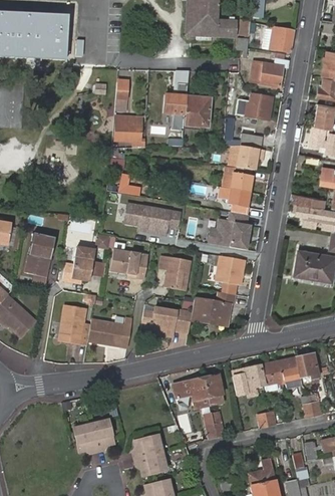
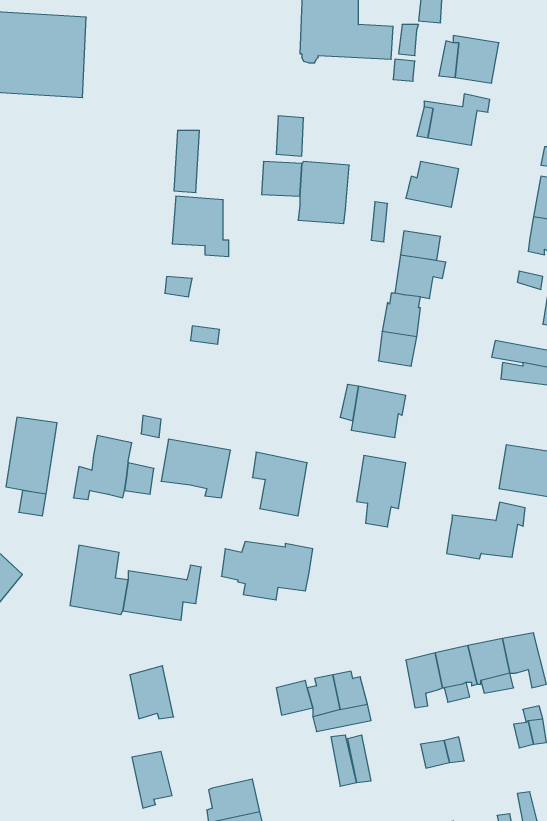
building: [123,204,183,237] -> none
building: [191,293,234,324] -> [447,502,525,559]
building: [75,423,99,452] -> [130,666,174,719]

